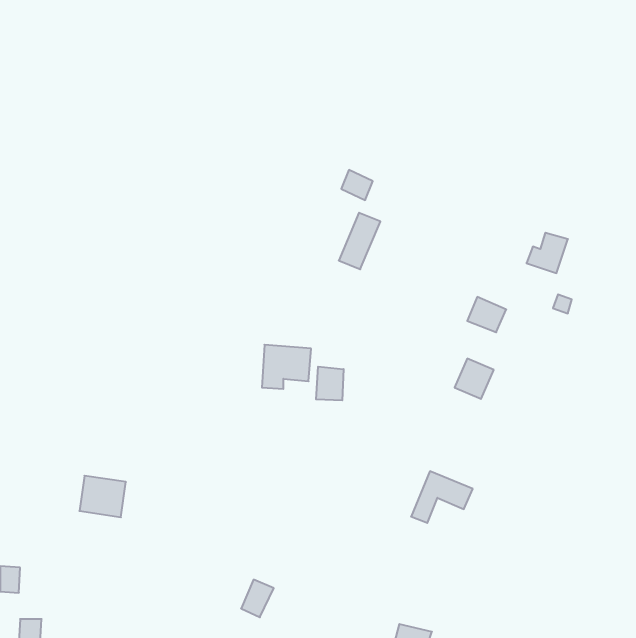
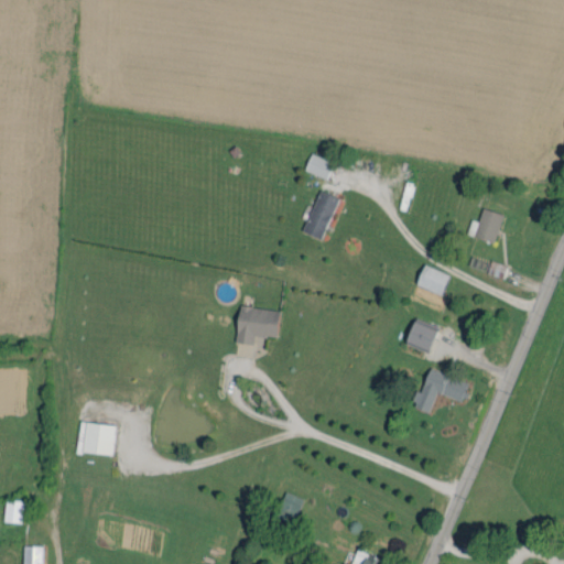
building: [316,367,344,400] -> none
building: [411,471,473,523] -> [415,368,469,413]
building: [241,580,274,617] -> [275,491,304,524]

